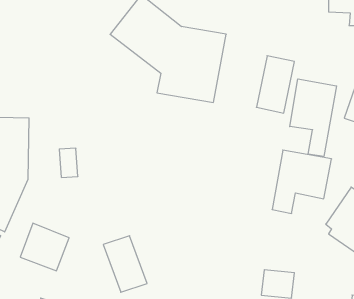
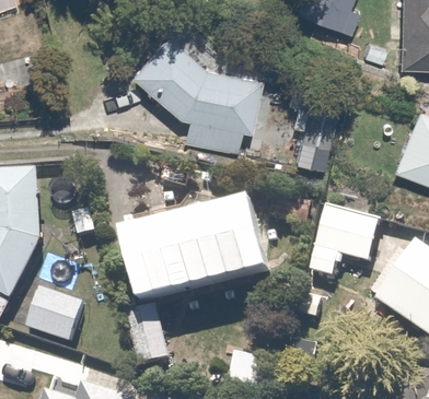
building: [290,79,337,156] -> none
building: none -> [135,209,265,294]

